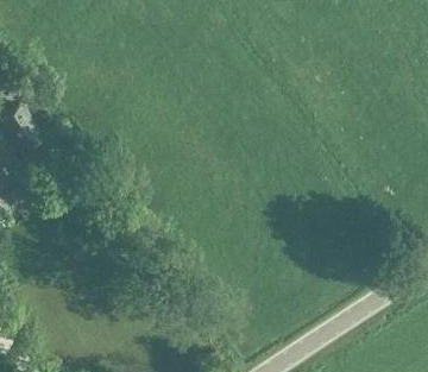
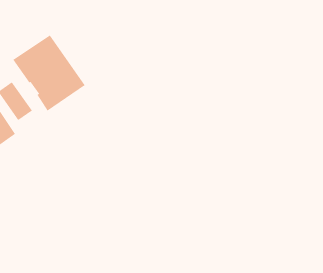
building: none -> [12,34,85,111]

